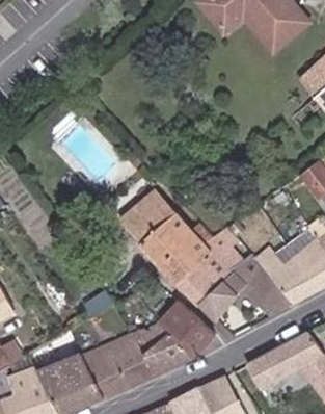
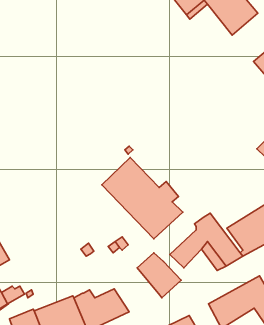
building: [182,233,240,305] -> none
building: [130,320,189,372] -> none

